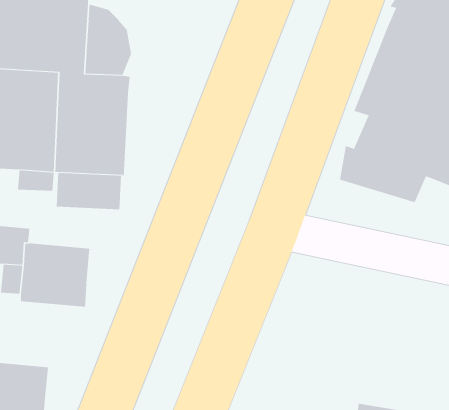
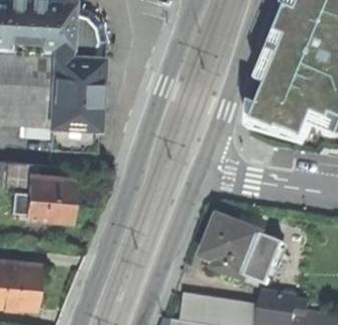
building: none -> [204,214,284,284]

